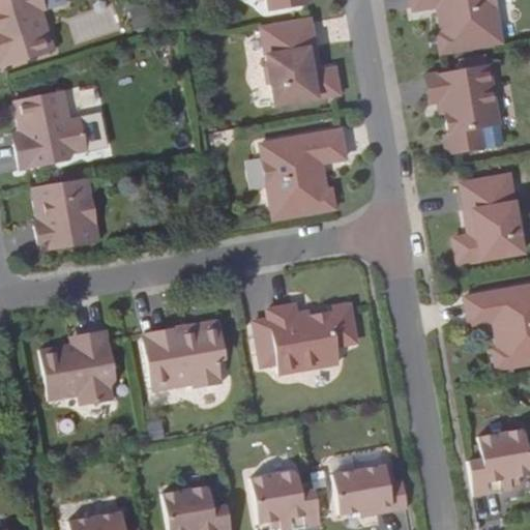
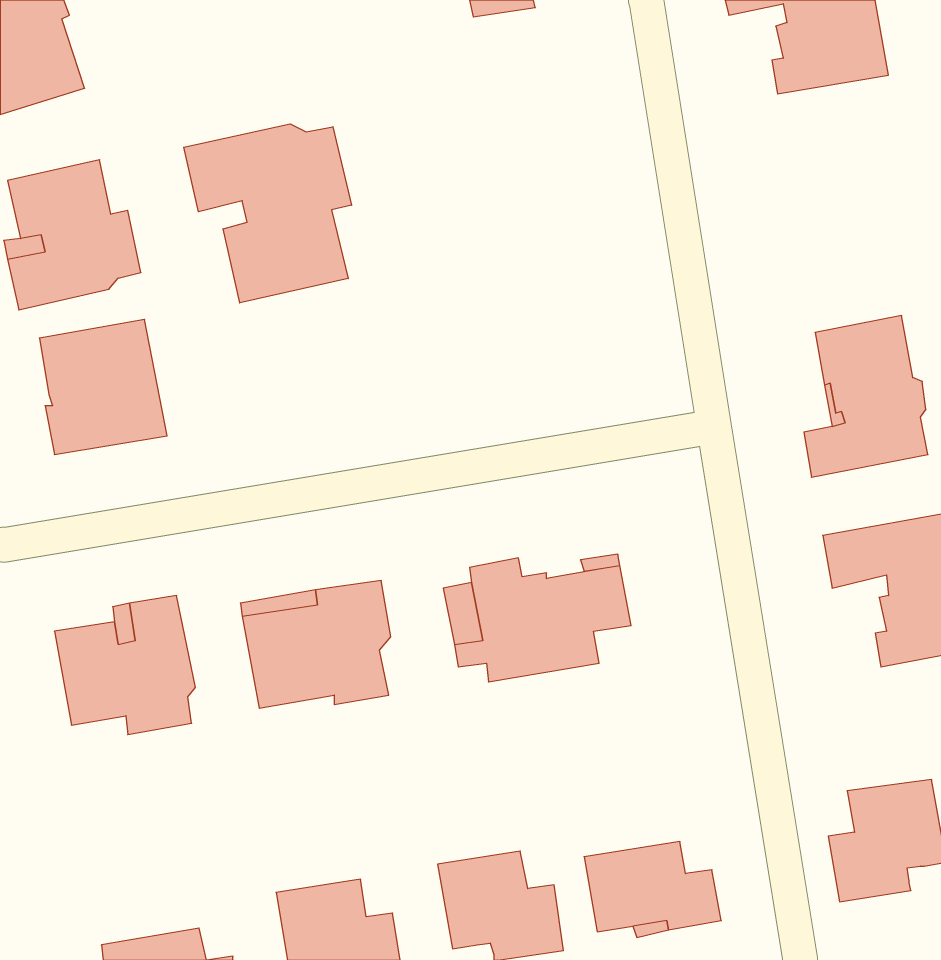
building: [263,20,341,105] -> none
building: [424,65,499,155] -> none
building: none -> [184,124,352,303]
building: [262,129,347,217] -> none

